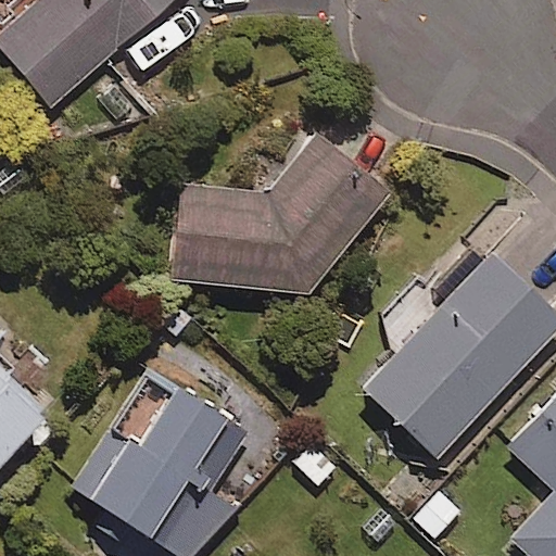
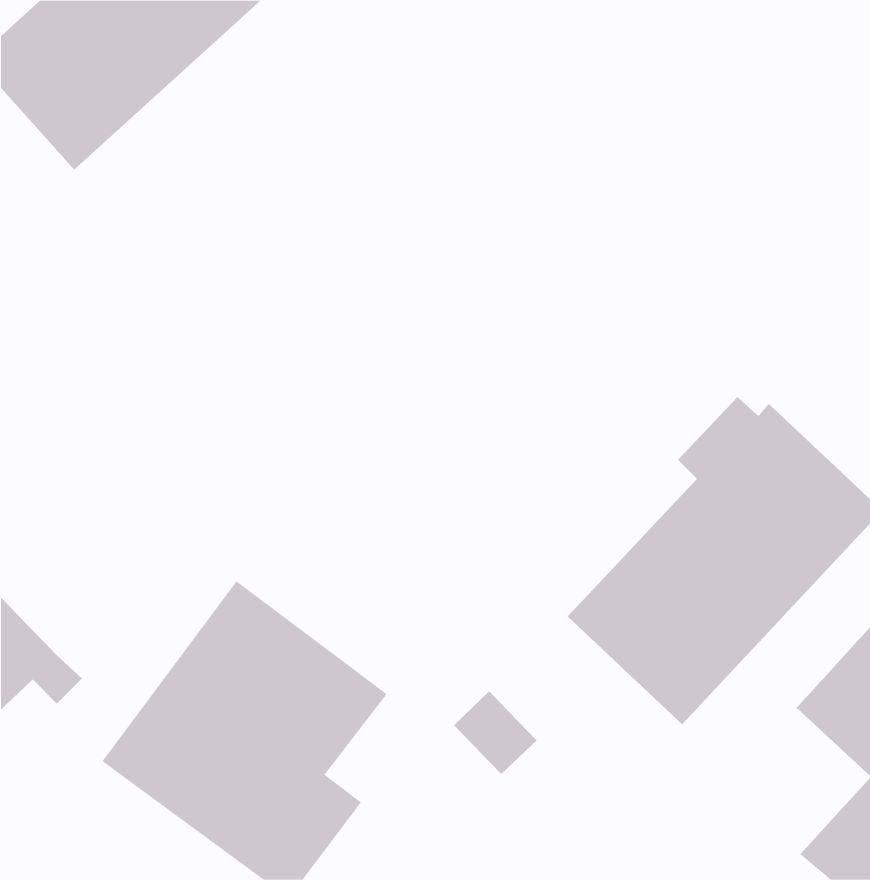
building: [169,134,390,292] -> none

